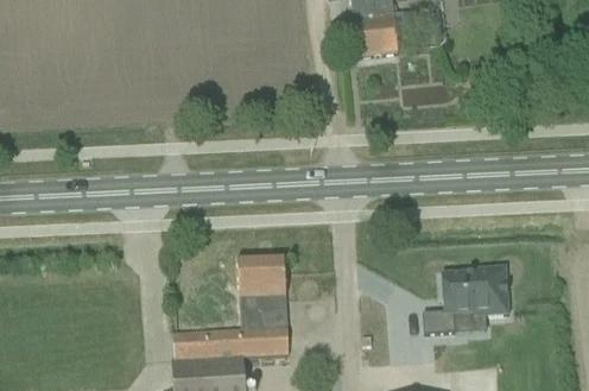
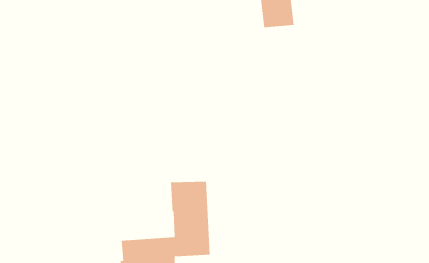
building: [424,267,509,335] -> none

